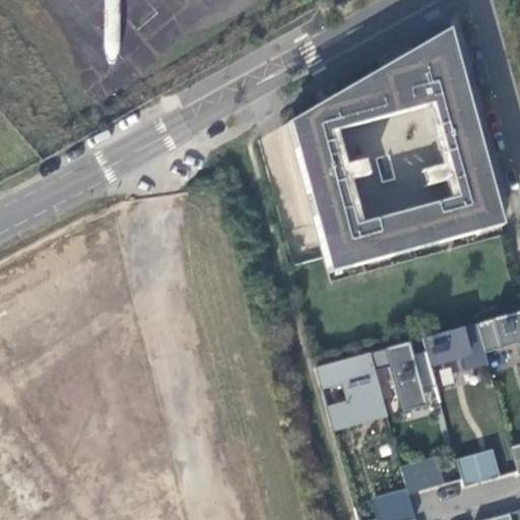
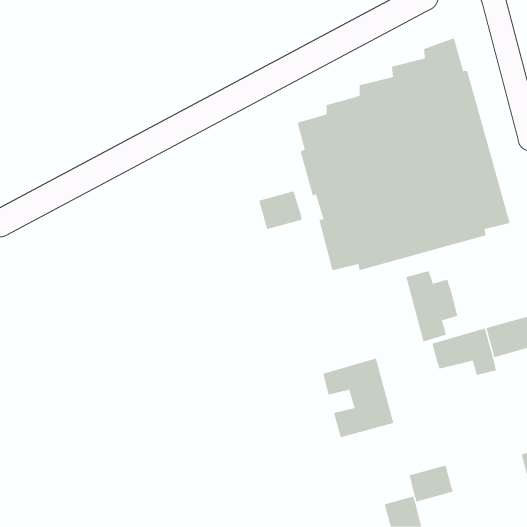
building: none -> [258,190,302,230]
building: [387,340,439,410] -> [405,271,458,342]
building: [459,447,502,483] -> none

